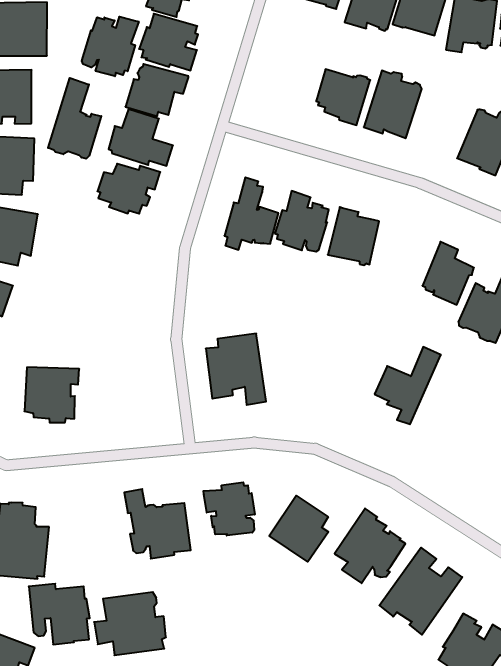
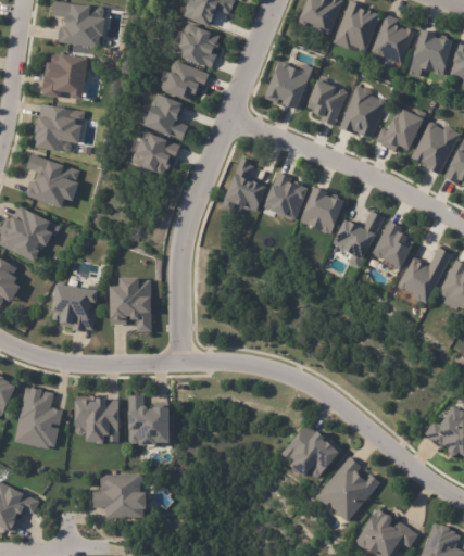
building: [82,17,139,76] -> none
building: none -> [261,62,309,111]
building: [48,78,101,159] -> none
building: none -> [374,108,426,151]
building: [206,334,266,405] -> [109,277,151,331]
building: [375,347,441,424] -> [331,206,386,265]
building: [203,482,255,536] -> none
building: [269,496,328,562] -> none
building: [29,584,90,644] -> [78,396,123,443]

